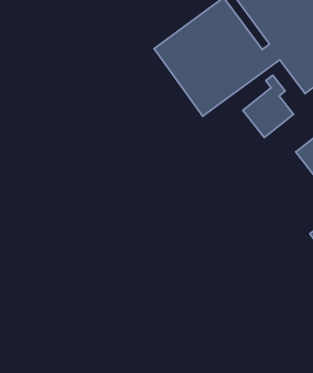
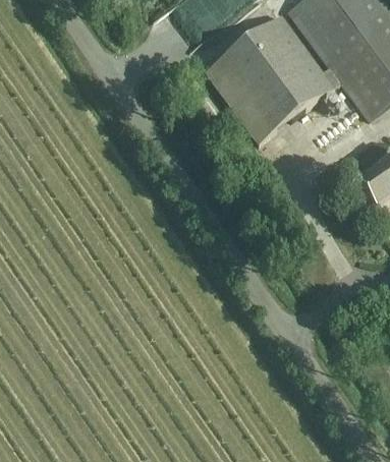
building: [243,75,294,137] -> none

